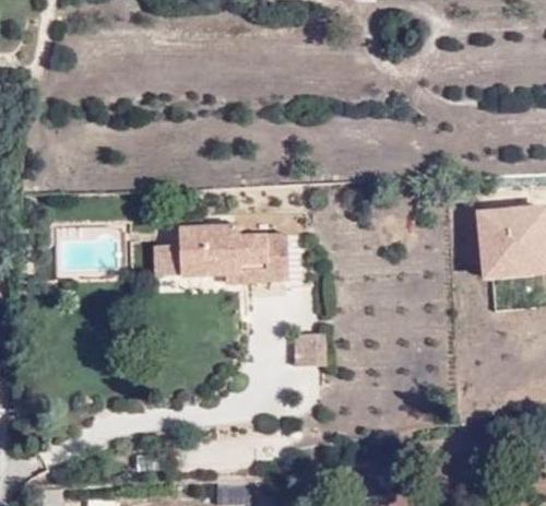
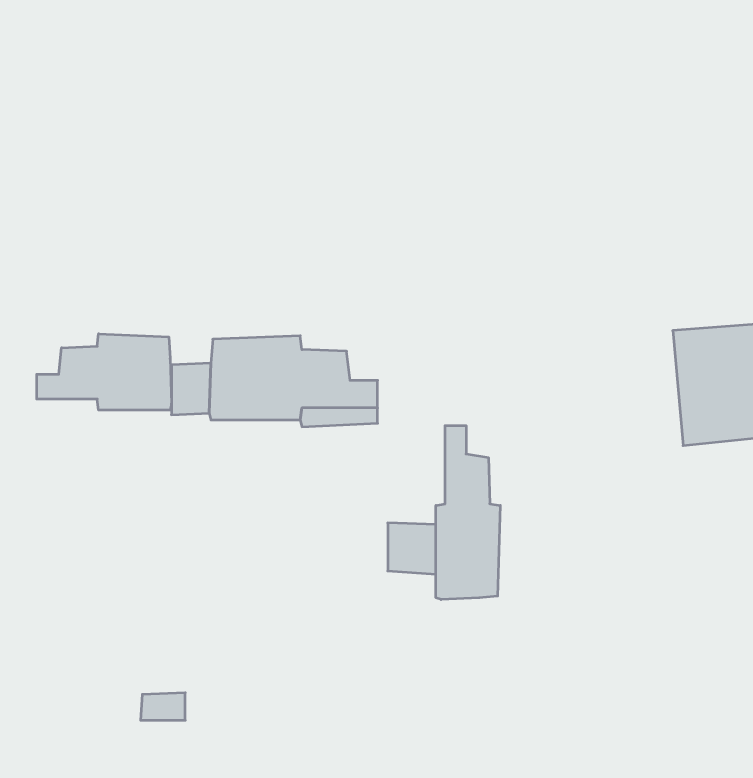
building: none -> [37,334,171,410]
building: none -> [436,426,500,600]

